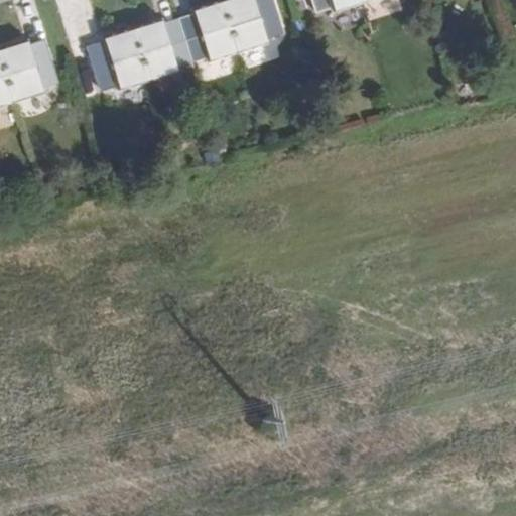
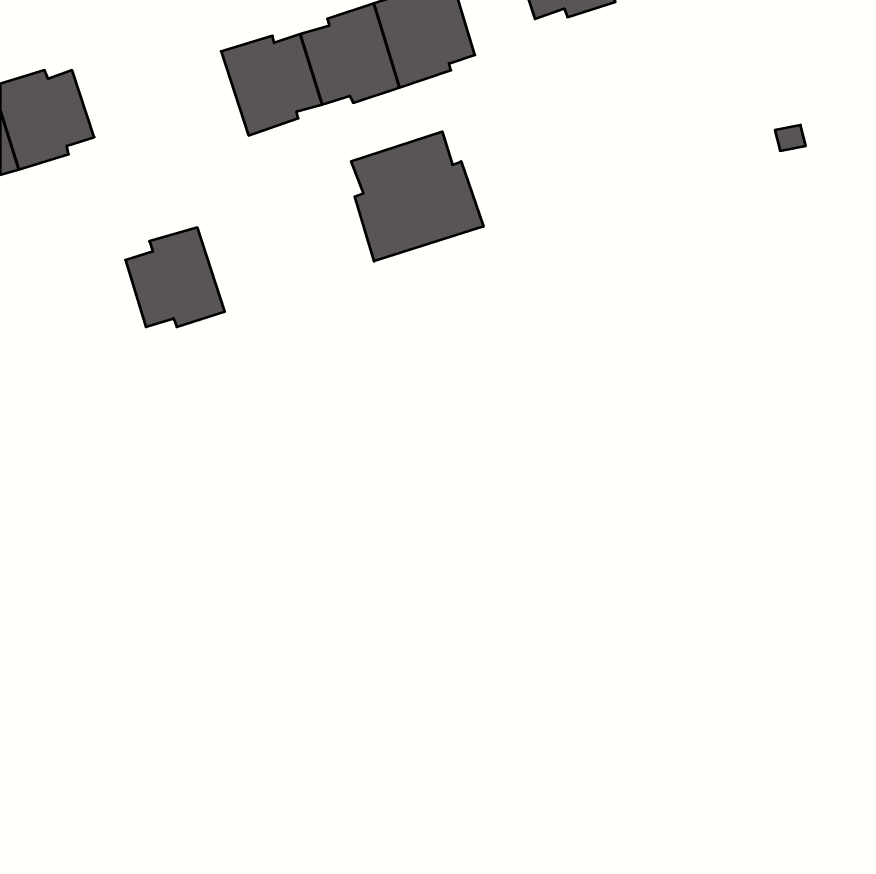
building: [88,30,146,89] -> [125,228,225,327]
building: none -> [351,132,483,261]

